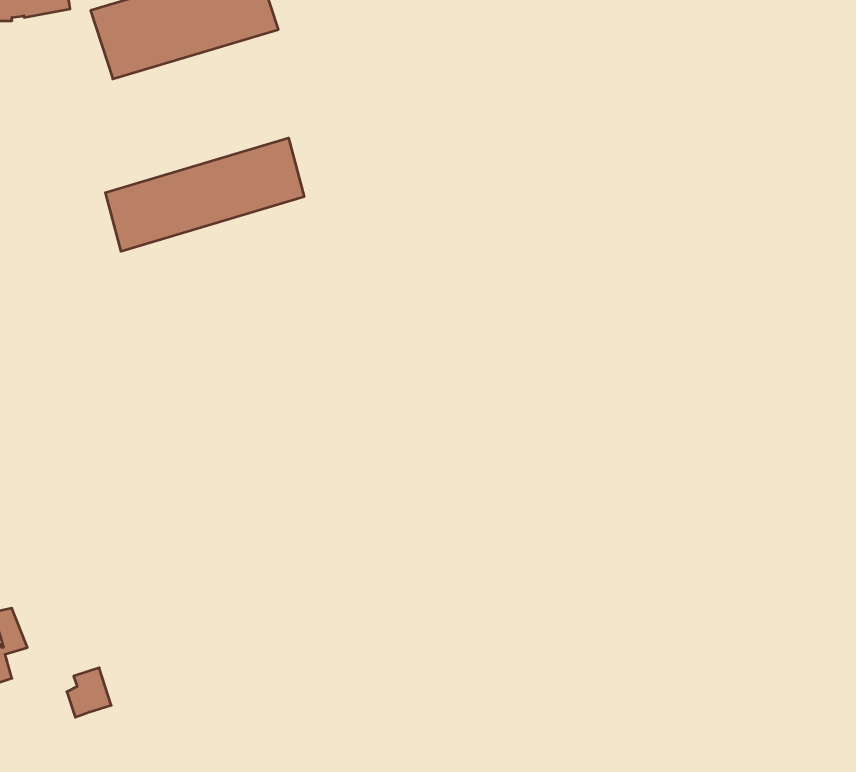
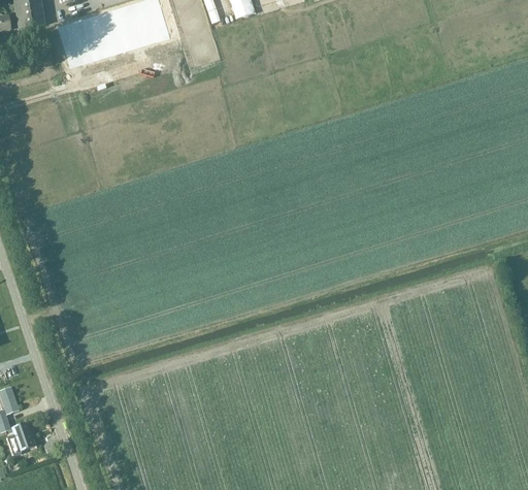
building: [105,138,304,251] -> none
building: [67,668,111,717] -> [6,421,33,451]

